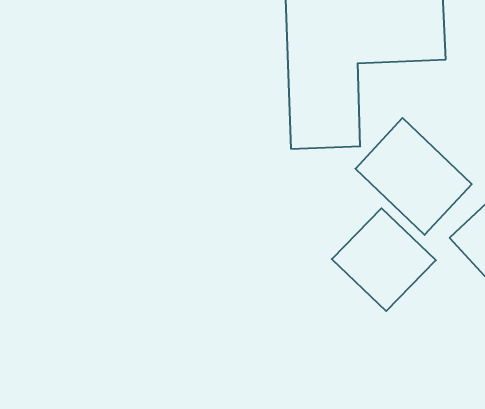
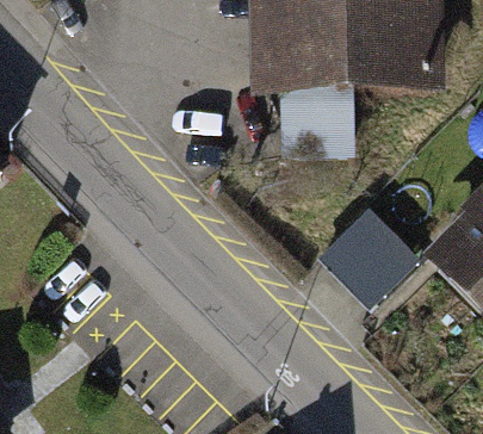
building: [355,118,472,235] -> none

